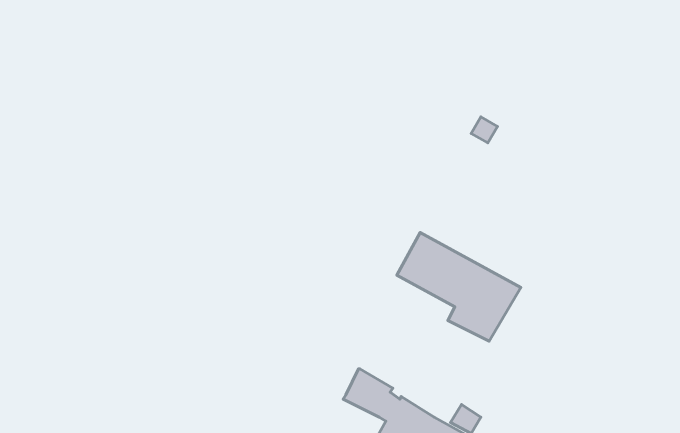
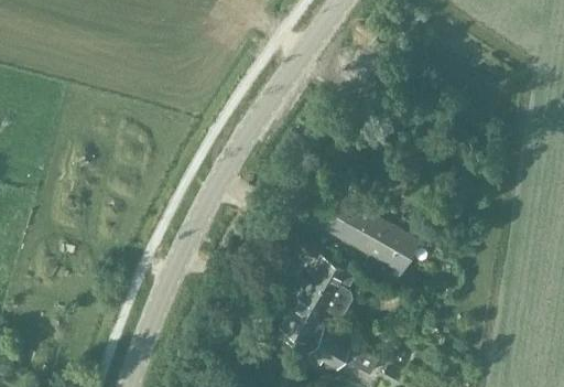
building: none -> [293,259,356,323]

